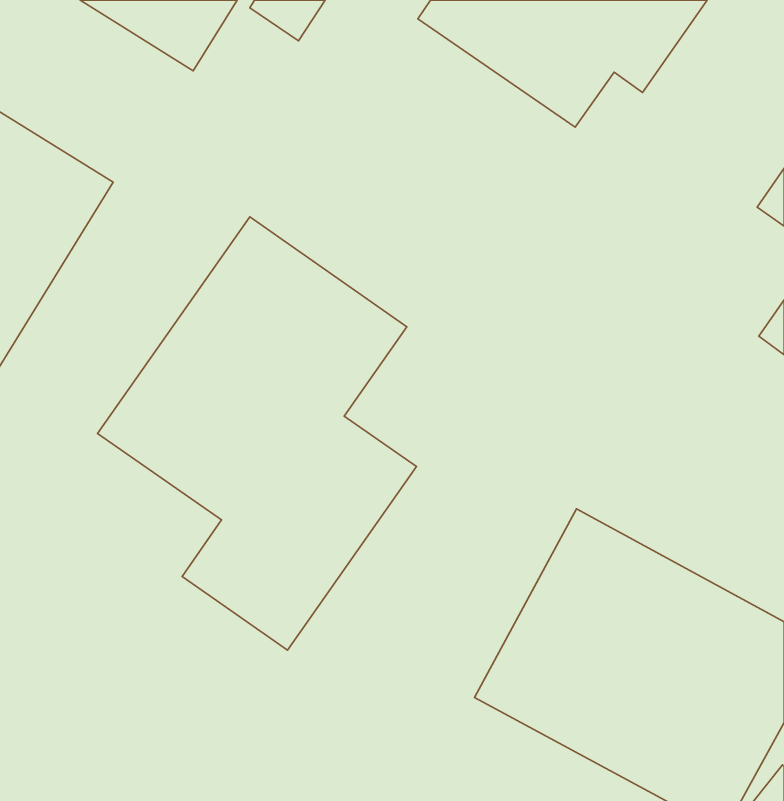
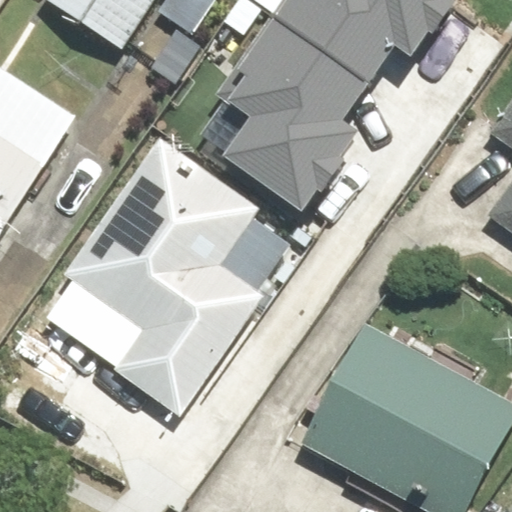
building: none -> [199,13,366,205]

